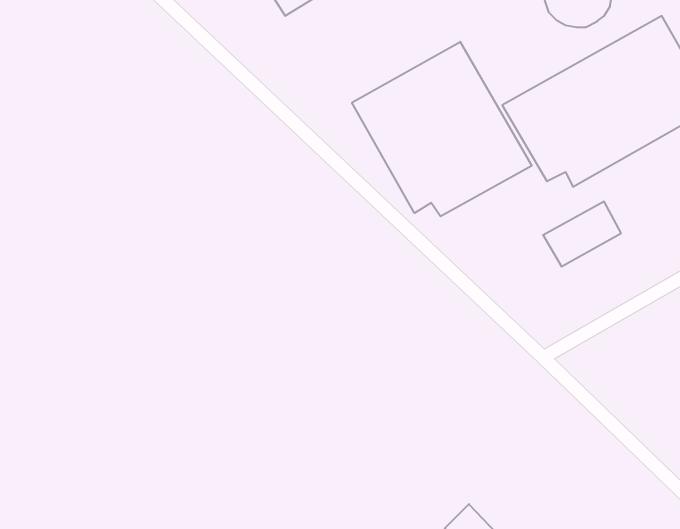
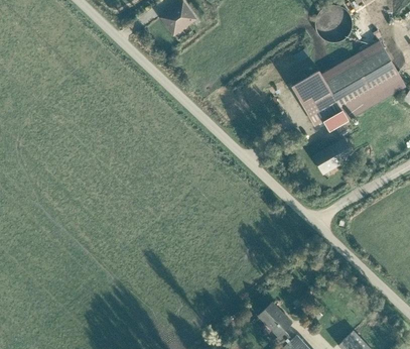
building: [352,42,532,216] -> none

